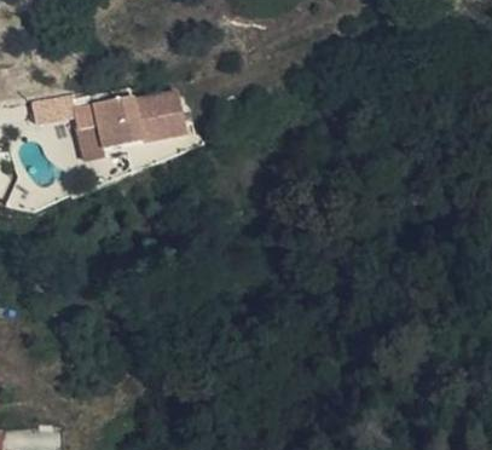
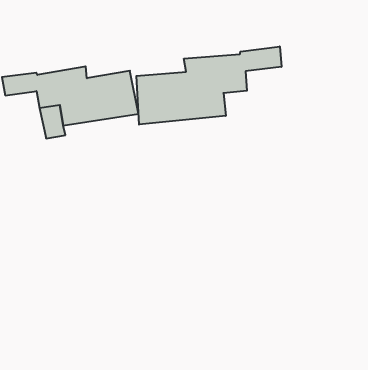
building: none -> [136,46,281,125]

